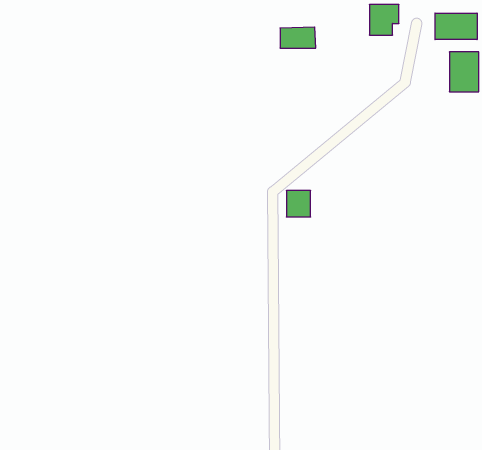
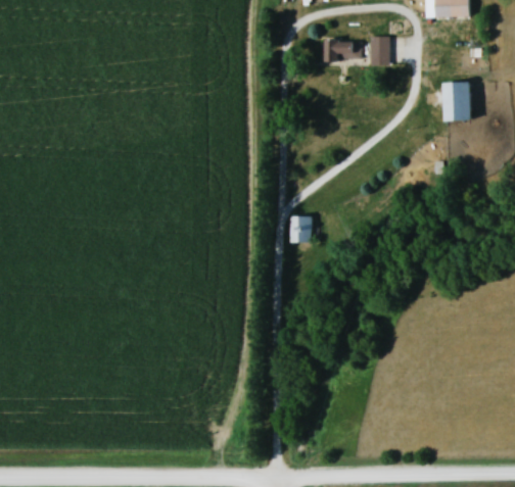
building: [435,13,477,40] -> none
building: [280,27,316,48] -> [322,40,357,60]

